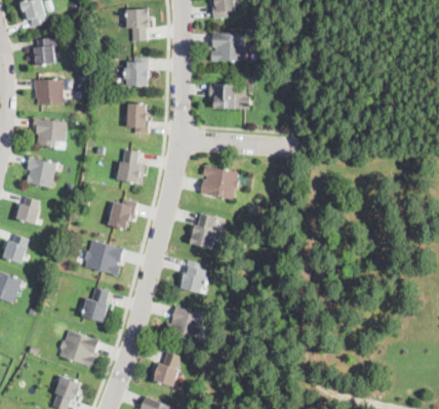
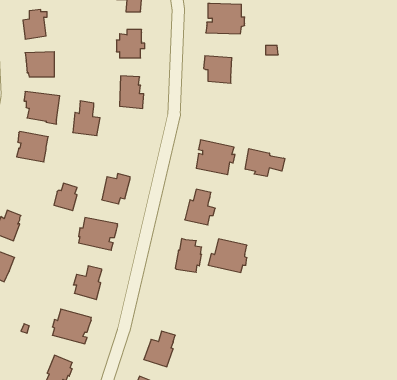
building: [118,150,145,183] -> [73,101,100,136]
building: none -> [245,149,285,176]
building: [16,197,39,223] -> [54,183,77,211]
building: [165,308,203,340] -> [208,239,247,272]

